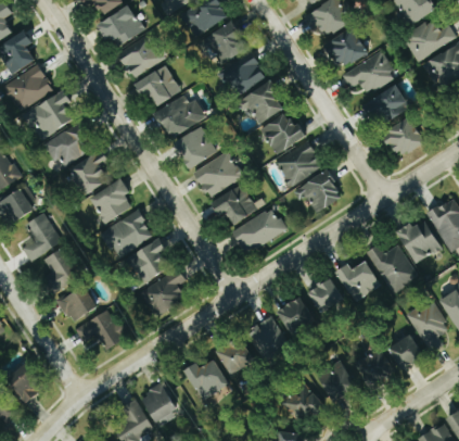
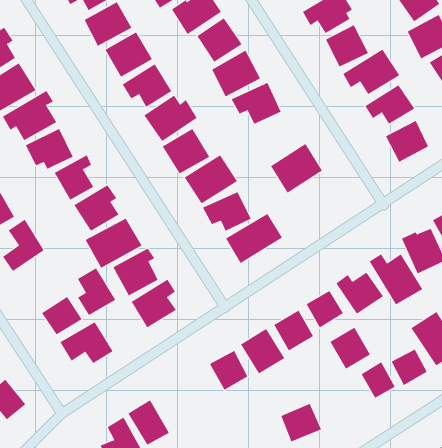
building: [260,115,306,154] -> none
building: [293,171,342,213] -> none
building: [42,248,79,293] -> [77,267,116,316]
building: [183,358,228,399] -> none
building: [317,361,356,401] -> [329,327,371,369]

